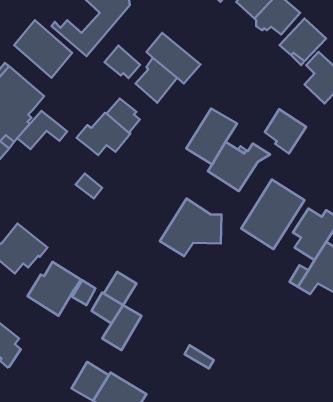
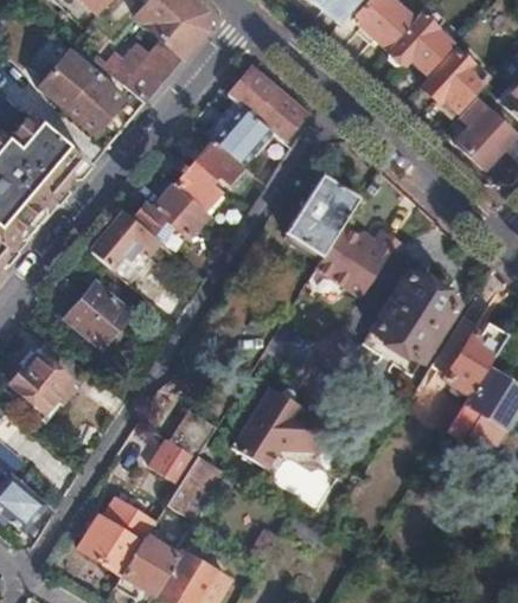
building: [104,46,140,78] -> [192,139,243,185]
building: [265,109,306,154] -> none
building: [17,111,67,149] -> [90,213,161,268]
building: none -> [71,282,132,349]
building: [160,199,222,256] -> [231,386,319,468]
building: [28,262,81,316] -> [79,498,155,575]

